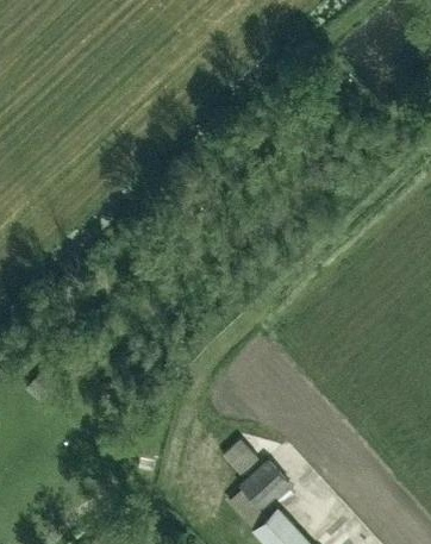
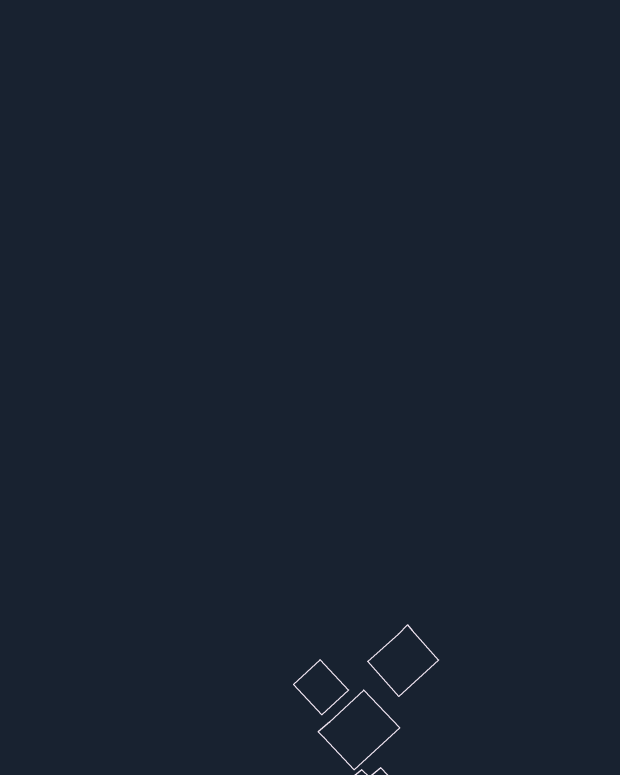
building: none -> [368,625,439,696]

